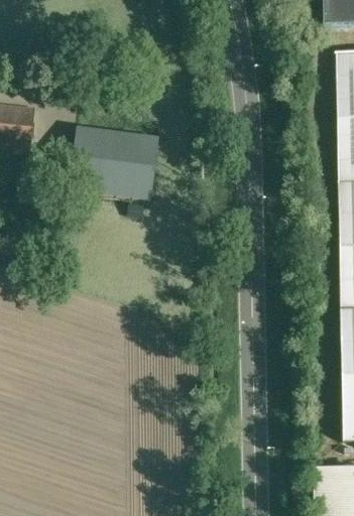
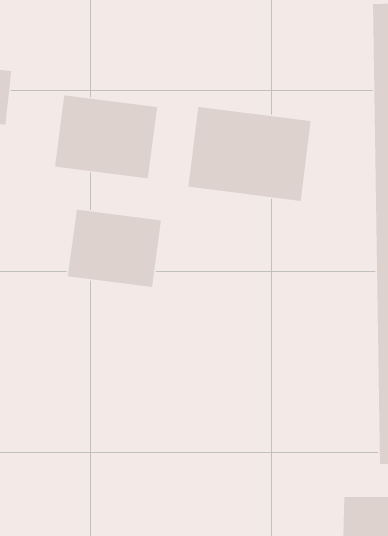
building: none -> [188,106,311,202]
building: none -> [67,209,162,288]

